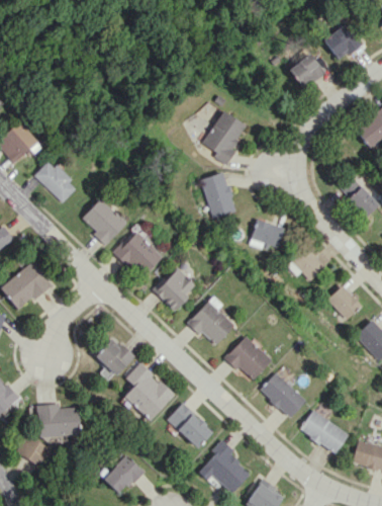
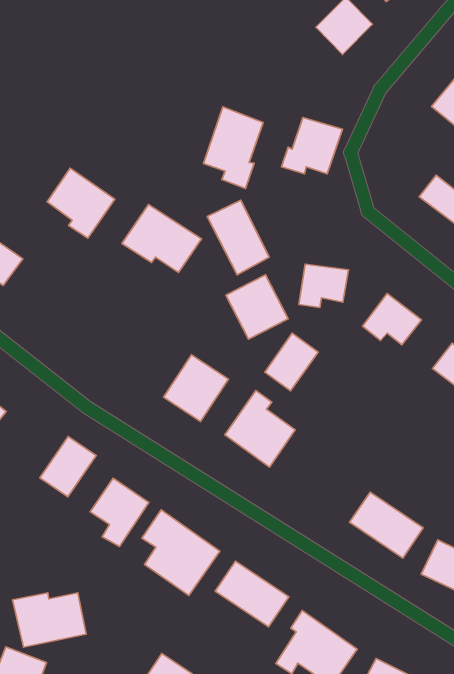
building: none -> [281,117,342,174]
building: [83,198,126,245] -> [47,168,115,238]
building: none -> [226,275,288,339]
building: [111,229,163,275] -> [122,205,202,272]
building: none -> [265,333,318,391]
building: none -> [40,437,96,497]
building: [226,336,272,381] -> none

